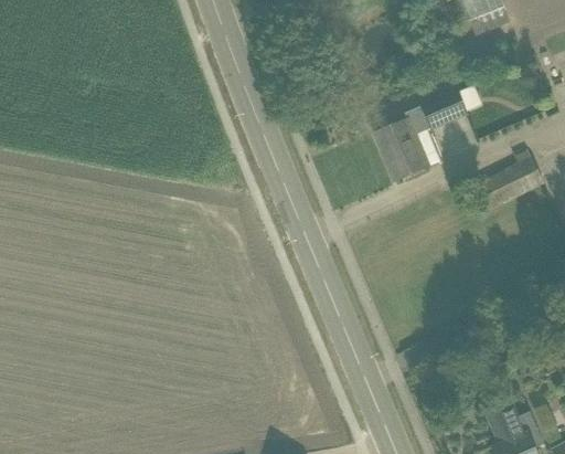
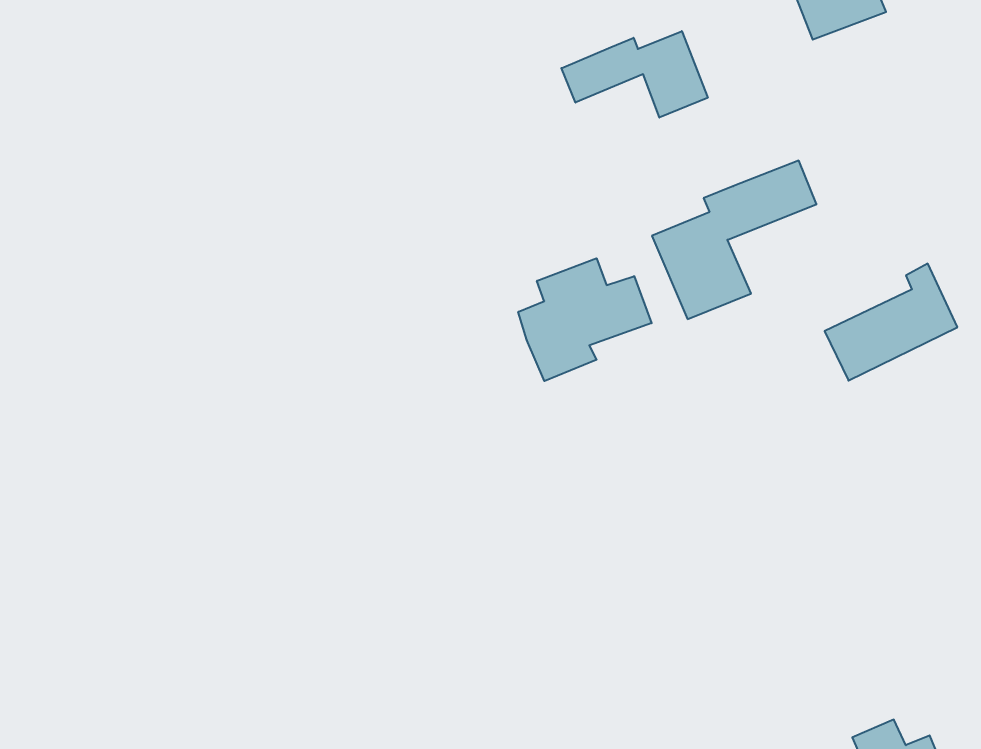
building: none -> [561,31,708,118]
building: none -> [518,258,652,381]

